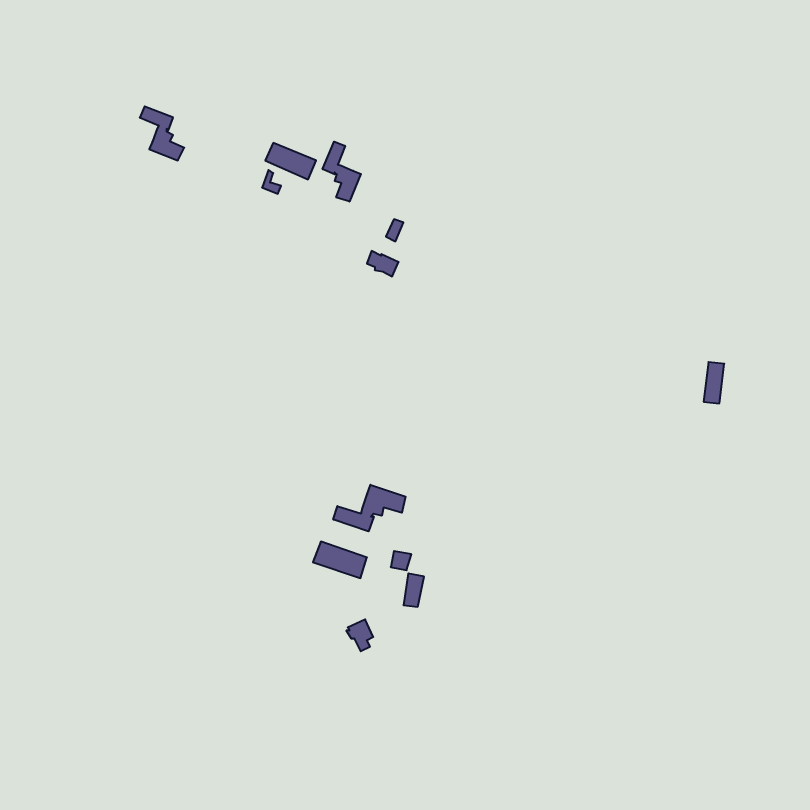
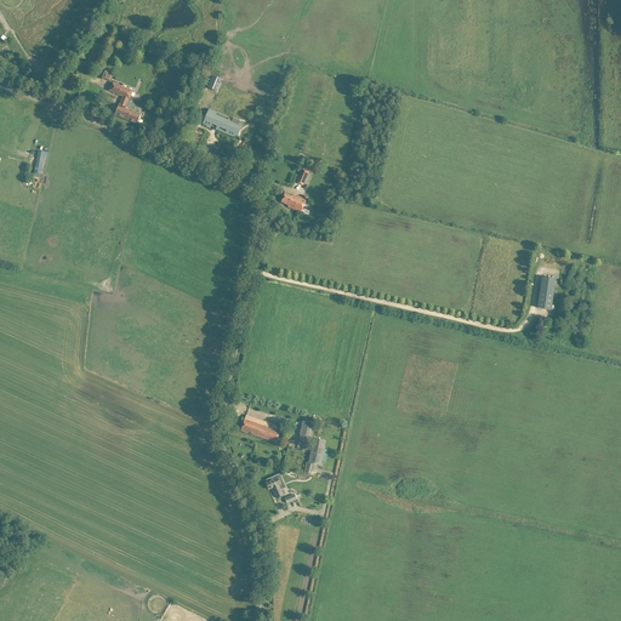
building: [323,142,361,202] -> none
building: [333,485,406,531] -> none

